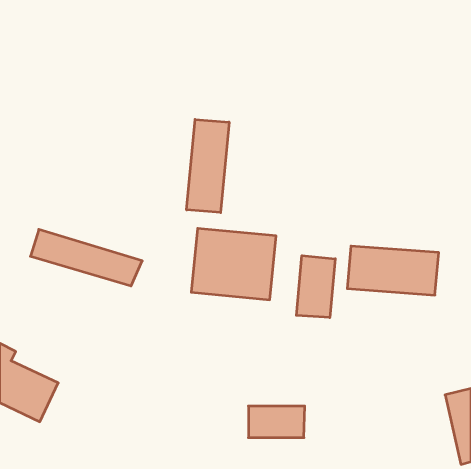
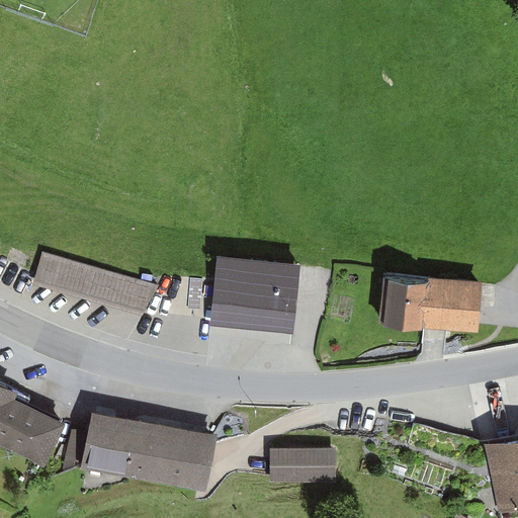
building: [187,119,229,213] -> none
building: [296,256,335,318] -> none
building: none -> [67,413,217,490]

